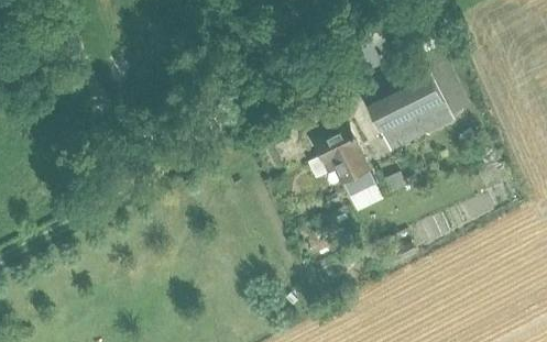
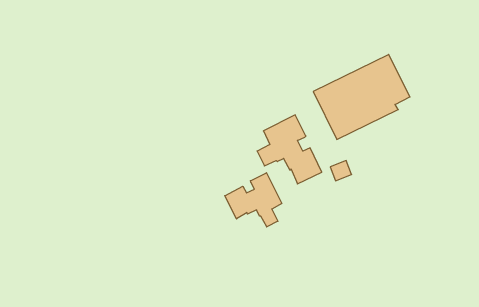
building: none -> [225,173,282,227]

